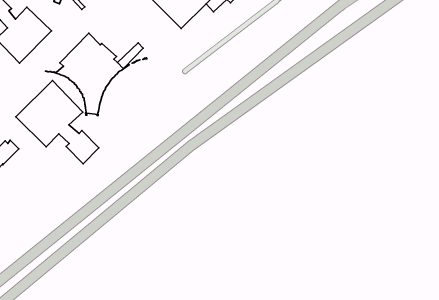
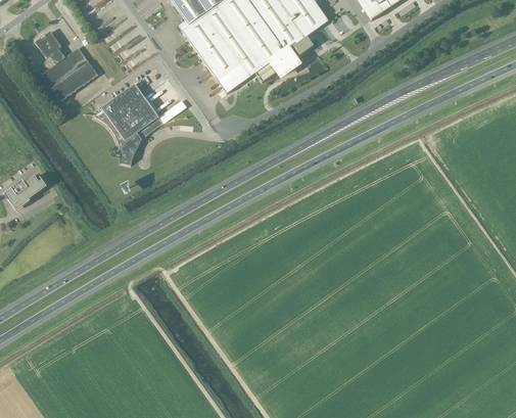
building: [16,81,99,164] -> none

